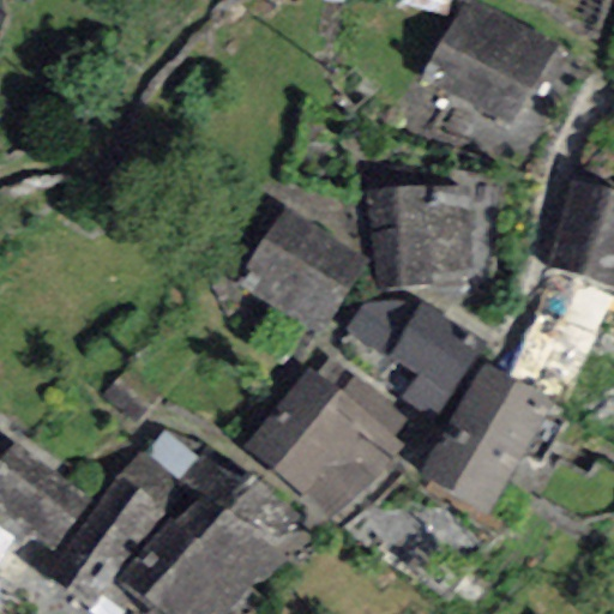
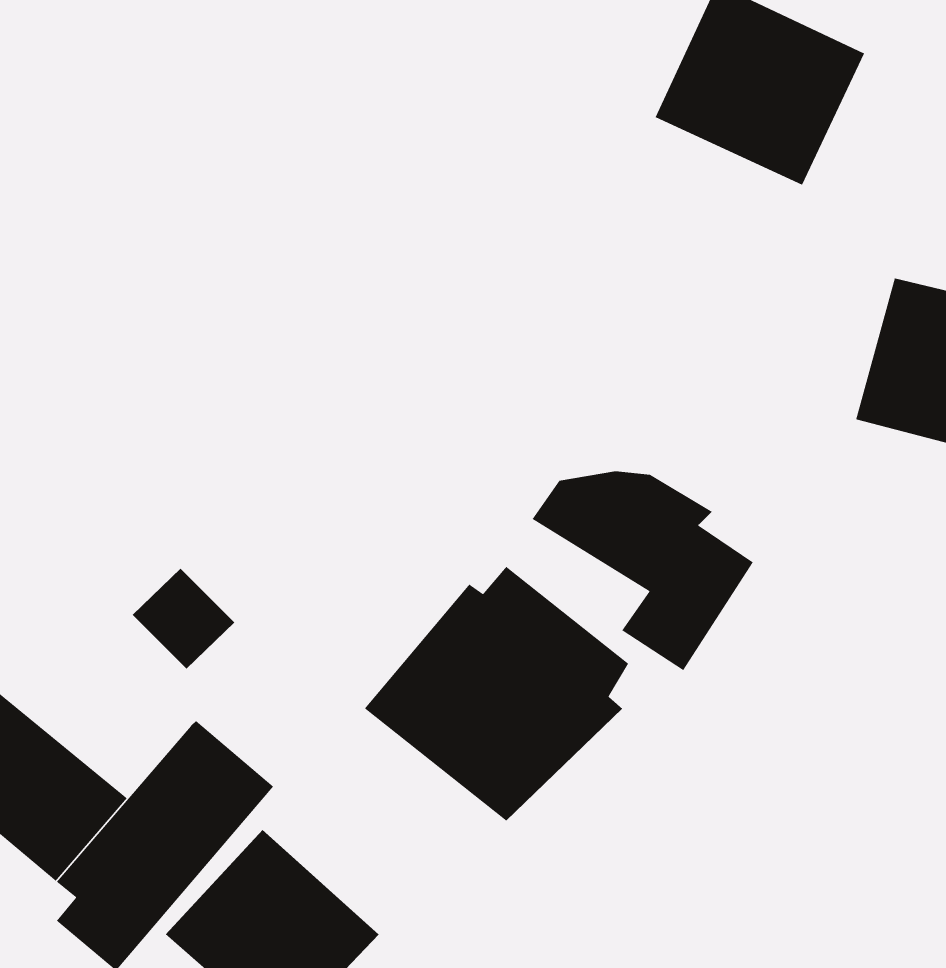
building: [368,183,483,290] -> none
building: [247,209,367,335] -> none
building: [422,363,553,513] -> none
building: [182,469,308,591] -> none

